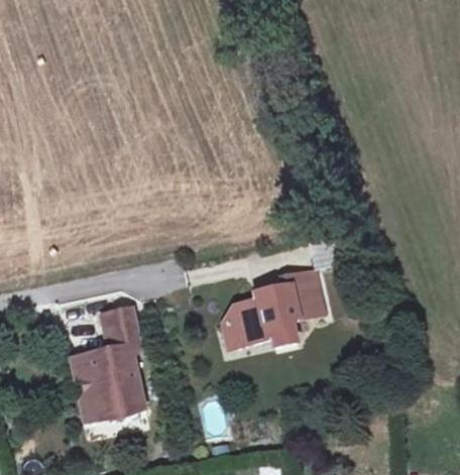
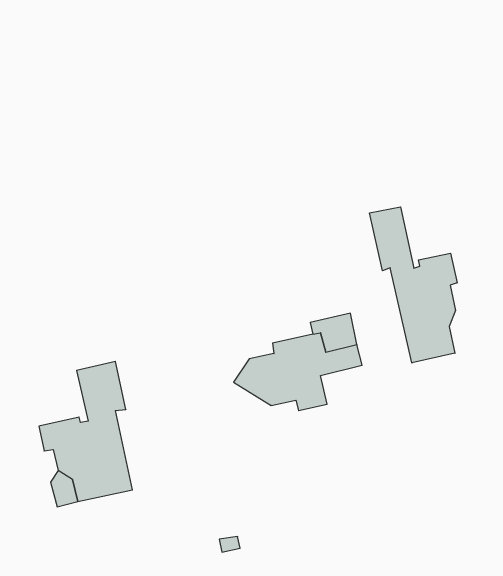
building: none -> [370,207,457,363]

